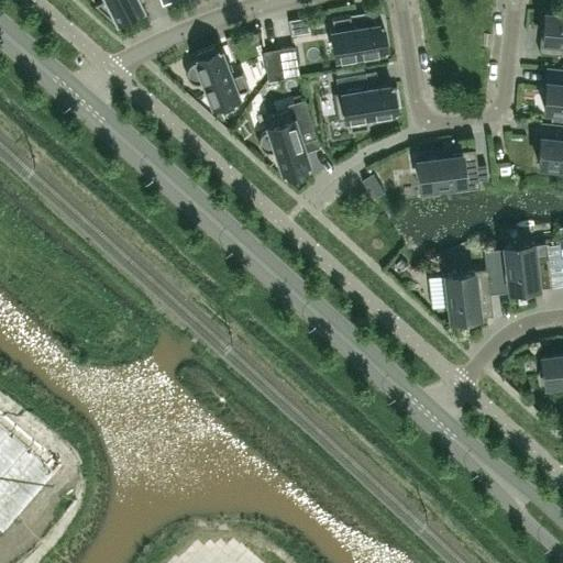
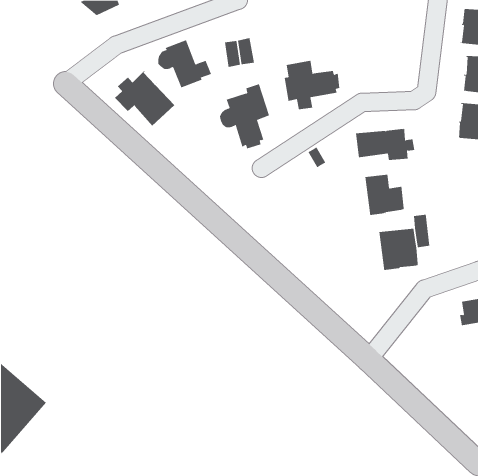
building: [332,16,387,60] -> none
building: none -> [114,70,175,127]
building: [505,244,552,292] -> [365,174,405,215]

